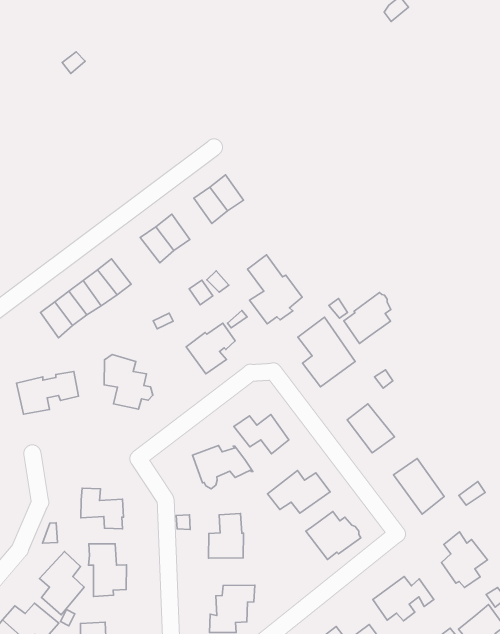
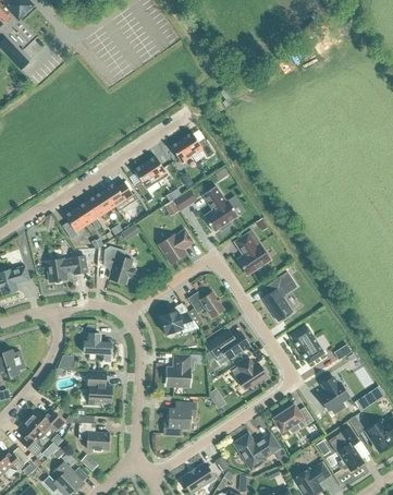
building: [344,293,391,344] -> none
building: [40,551,84,615] -> none

